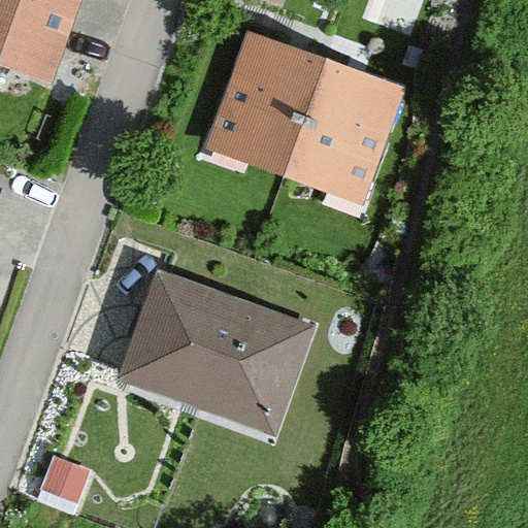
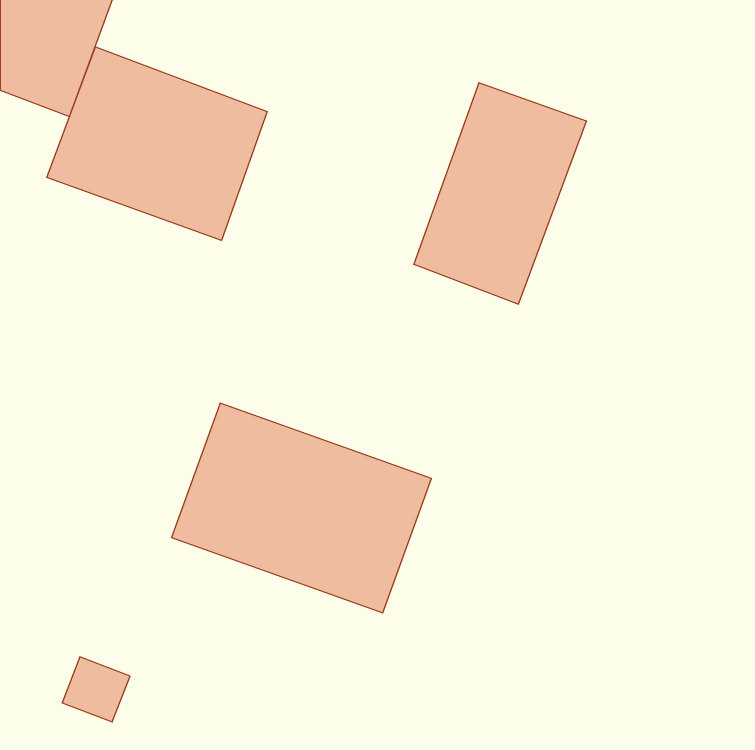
building: [200,27,334,185] -> none
building: none -> [47,47,267,240]

